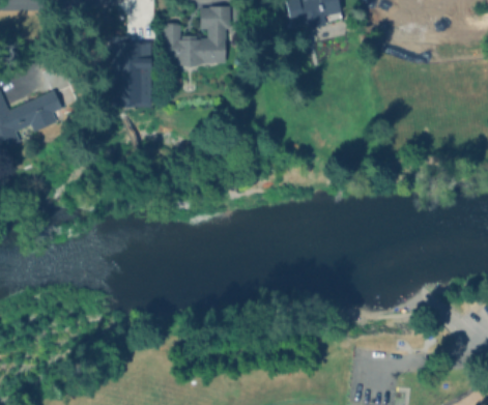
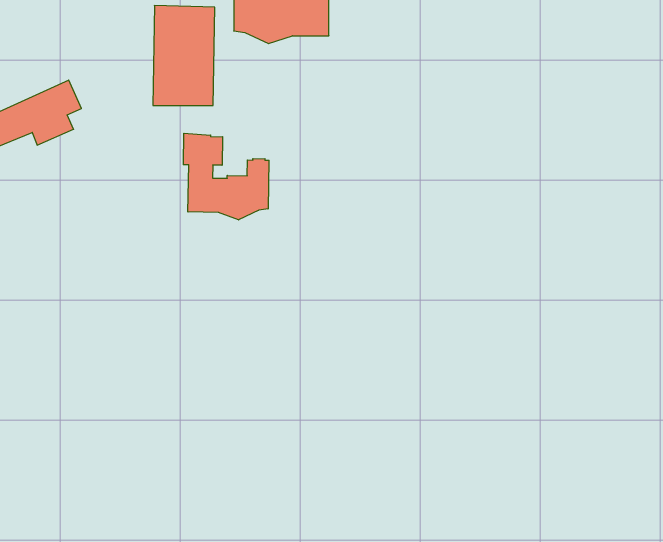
building: none -> [183,133,269,220]

